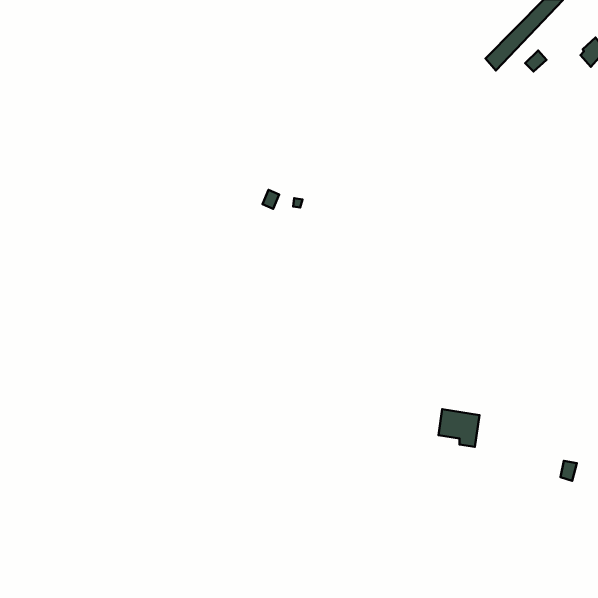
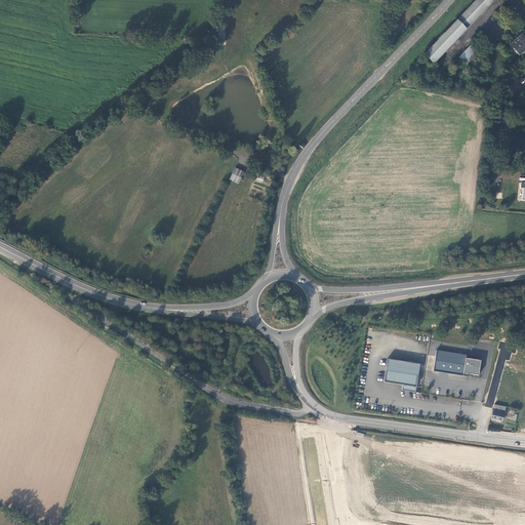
building: none -> [434,349,481,376]

